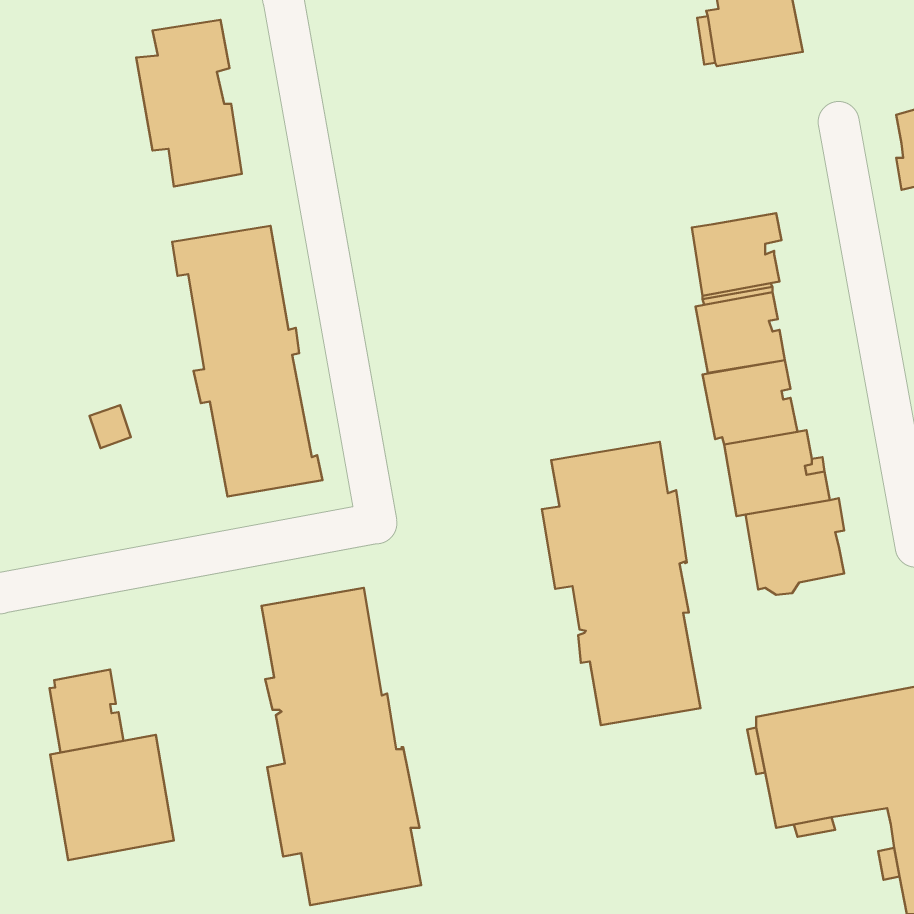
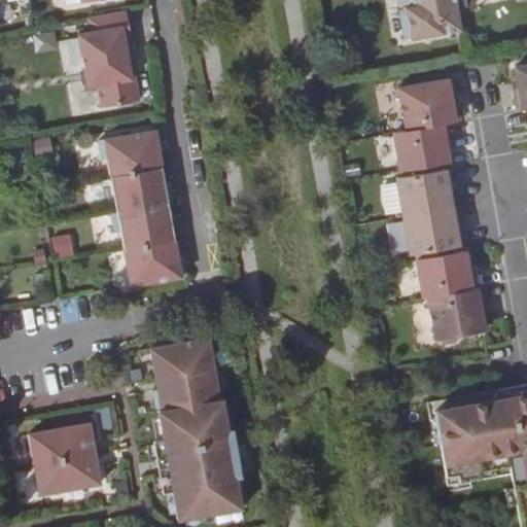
building: none -> [403,78,459,129]
building: [542,442,701,725] -> none
building: [50,670,124,753] -> none

